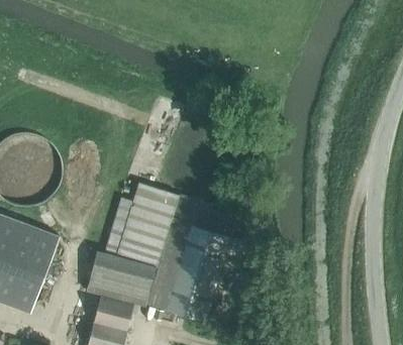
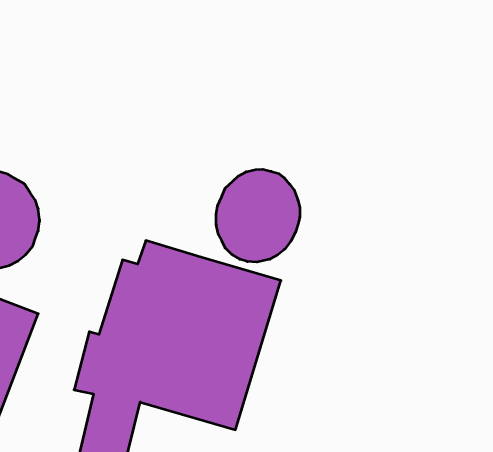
building: none -> [216,169,300,262]

